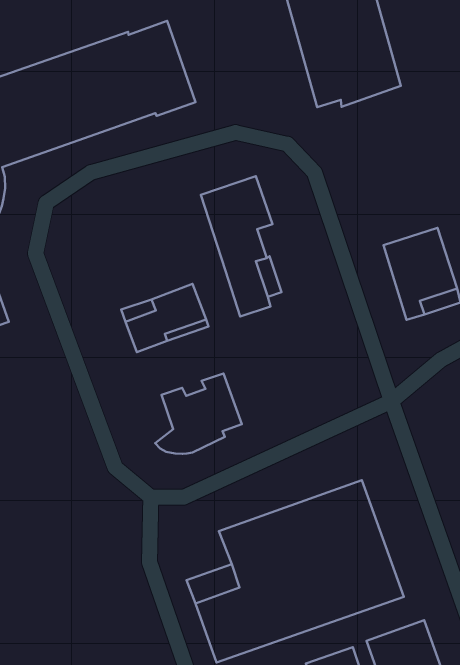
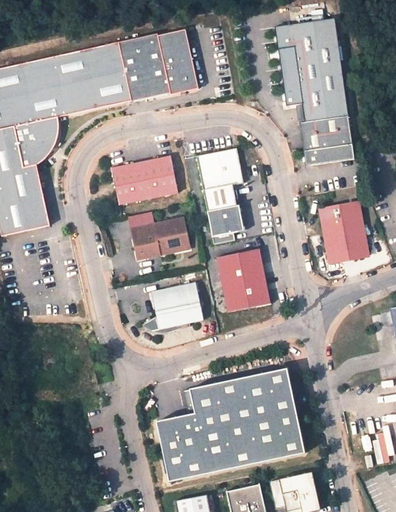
building: none -> [300,98,355,165]
building: none -> [110,154,178,203]
building: none -> [217,248,272,312]

